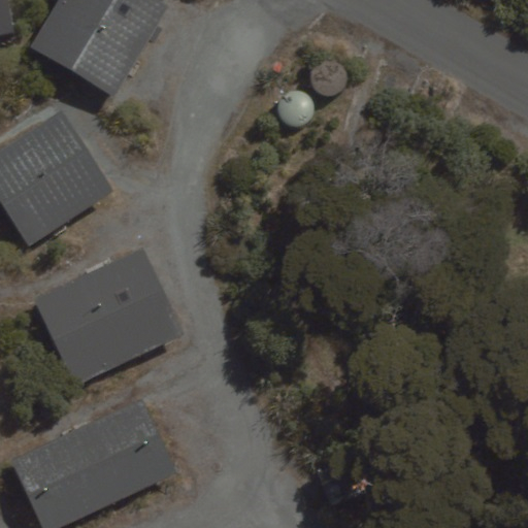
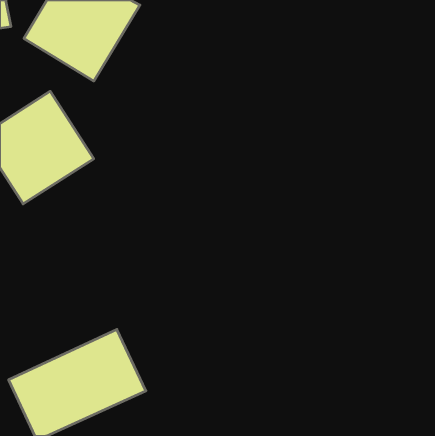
building: [33,246,185,387] -> none

